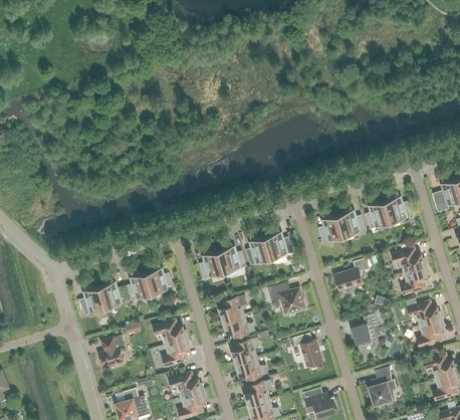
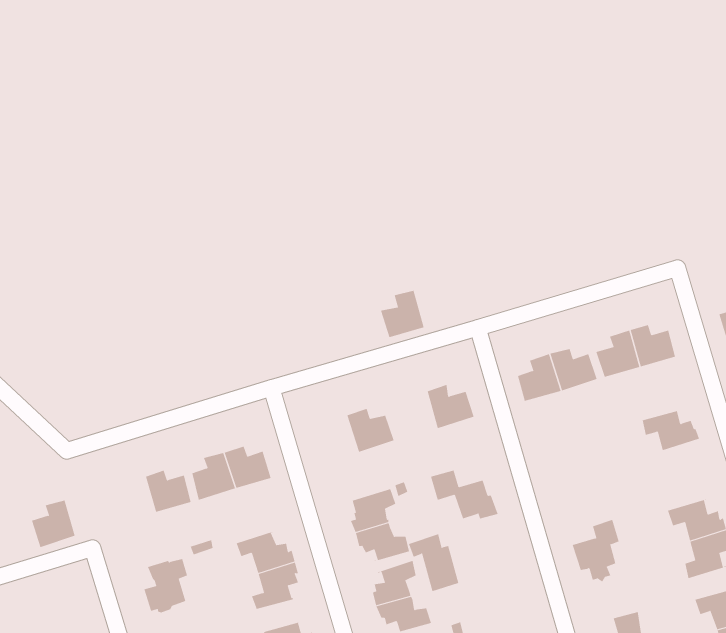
building: [245,236,271,264] -> [380,290,425,338]
building: [199,250,225,278] -> none
building: [334,257,370,291] -> none
building: [401,264,428,293] -> none
building: [79,286,105,314] -> [31,500,75,548]
building: [292,332,322,366] -> [408,534,459,592]

